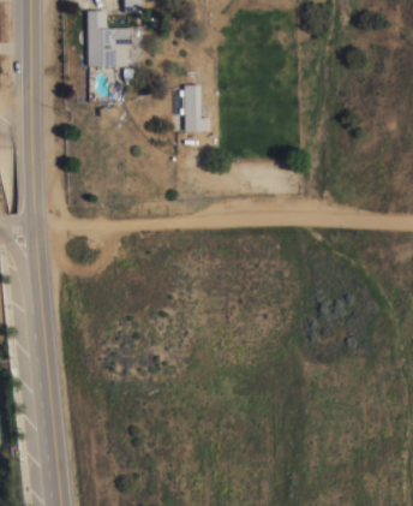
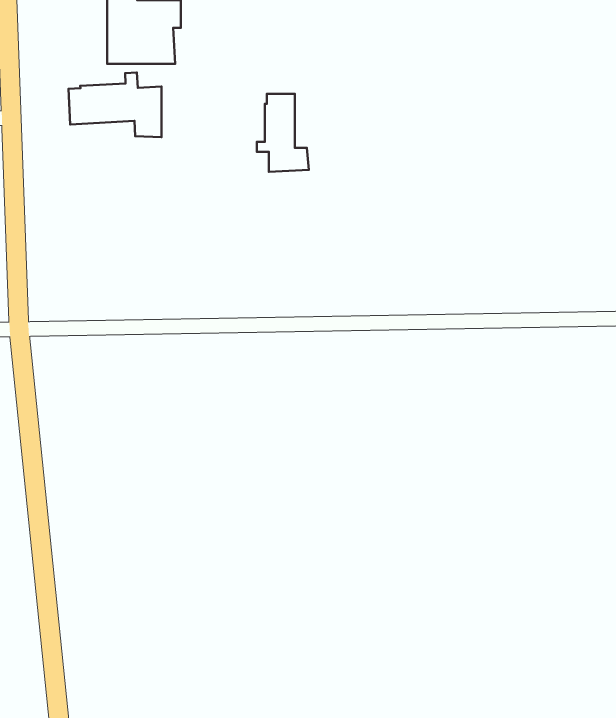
building: none -> [69,73,161,137]

